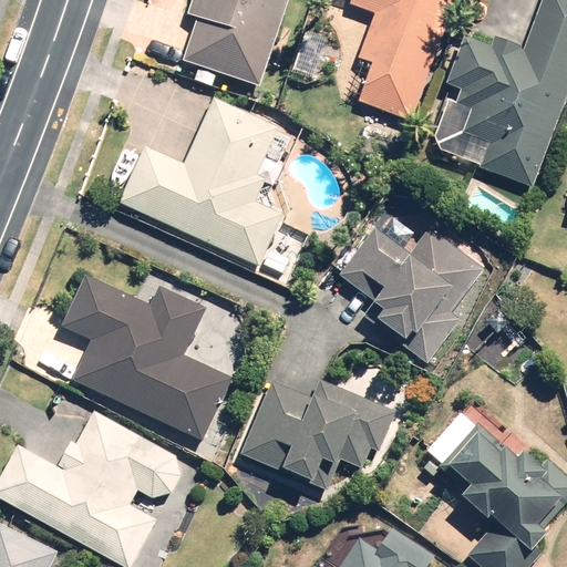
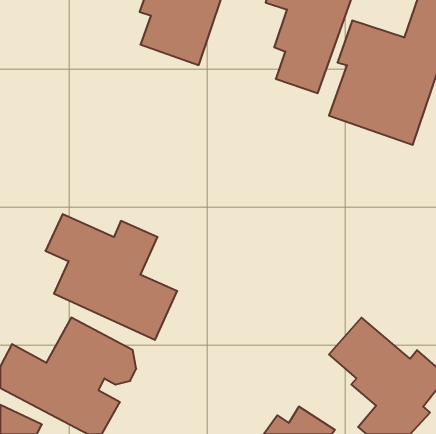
building: [120,97,290,275] -> none
building: [340,227,487,347] -> none
building: [235,375,395,483] -> none

